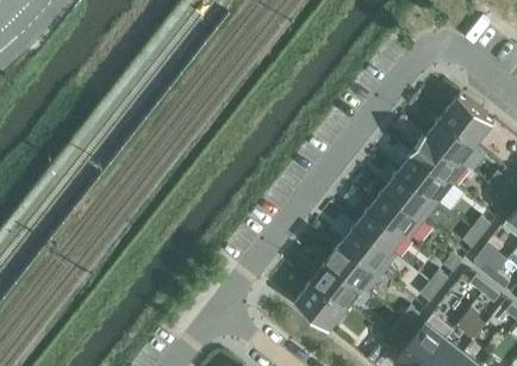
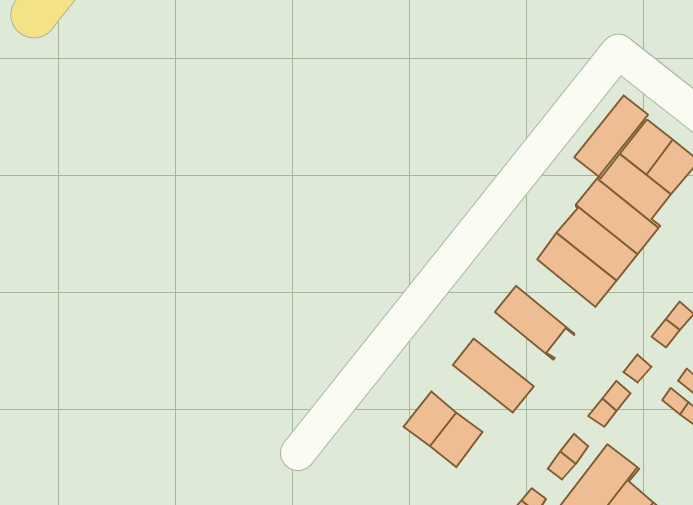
building: none -> [574,95,648,177]
building: [370,188,424,238] -> none
building: [342,224,395,274] -> none
building: [313,260,368,305] -> none

